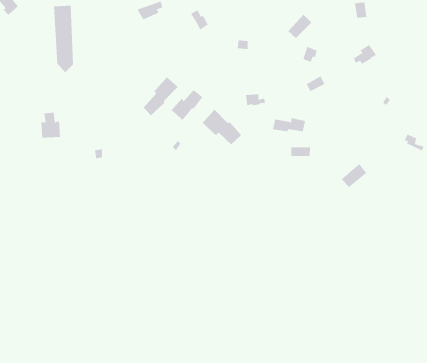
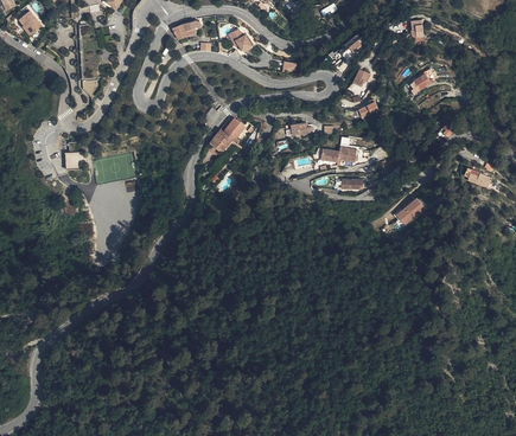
building: [143,77,178,116] -> none
building: [202,109,242,145] -> none

